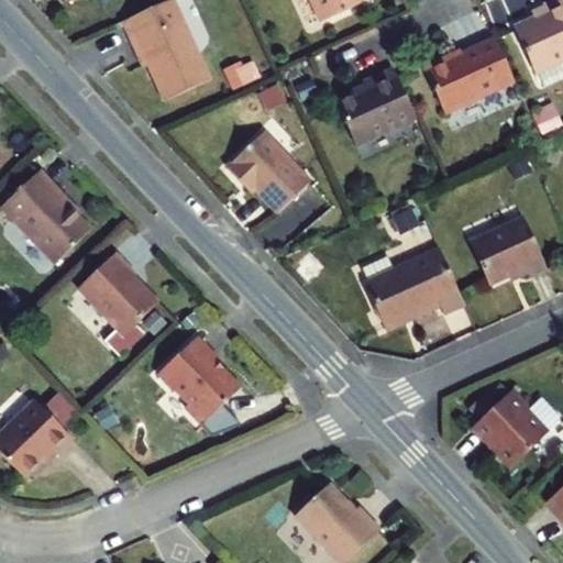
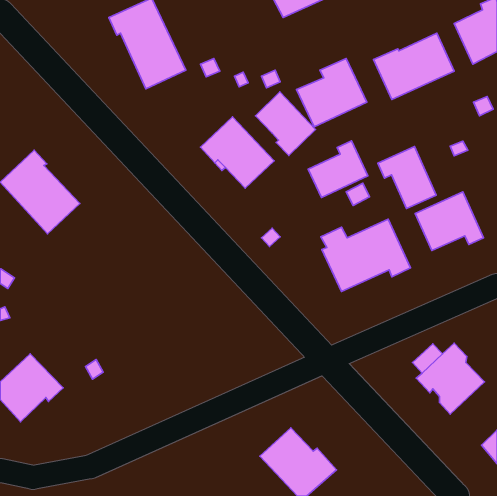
building: none -> [256,92,316,156]
building: none -> [308,141,368,198]
building: none -> [378,147,436,208]
building: [77,251,158,335] -> none
building: [157,334,241,423] -> none

